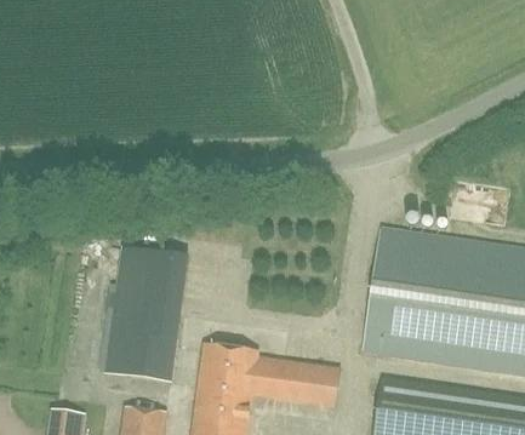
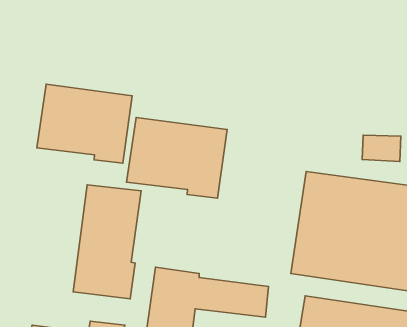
building: none -> [37,84,132,163]
building: none -> [126,117,227,198]

